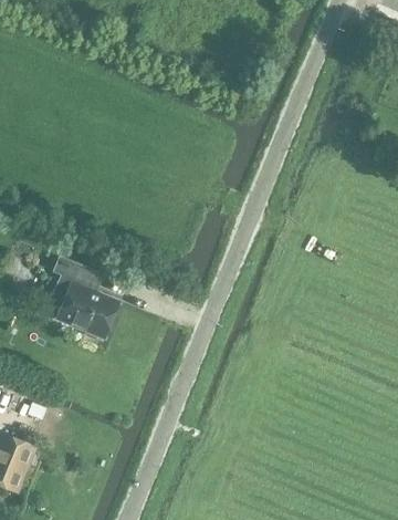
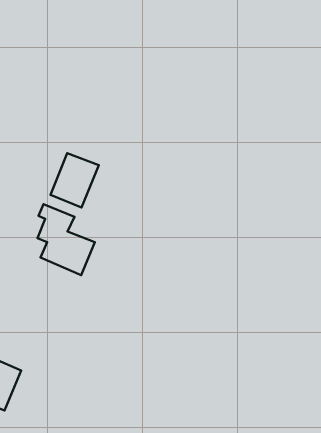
building: none -> [51,153,99,208]

